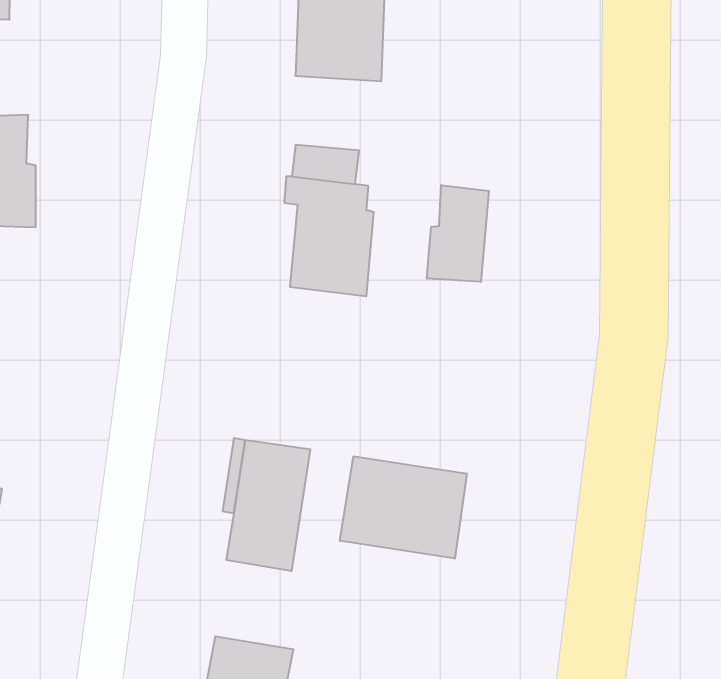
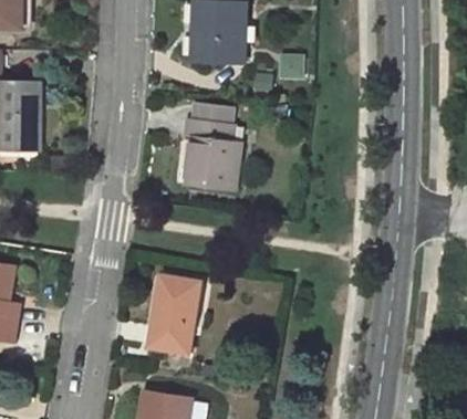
building: [427,185,489,282] -> none
building: [340,456,467,559] -> none

